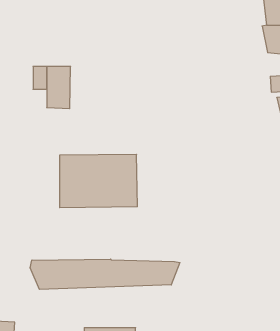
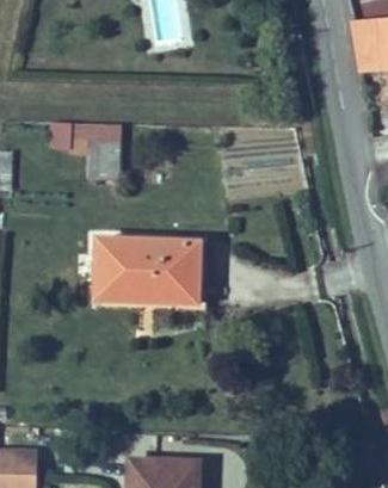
building: [30,259,180,289] -> none

